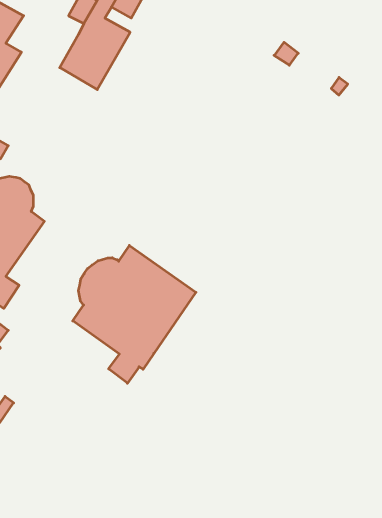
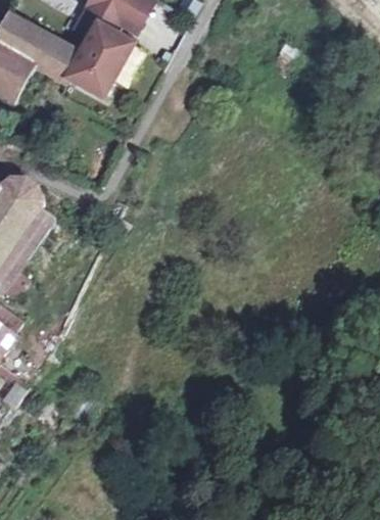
building: none -> [16,28,79,81]
building: [73,245,196,383] -> none

